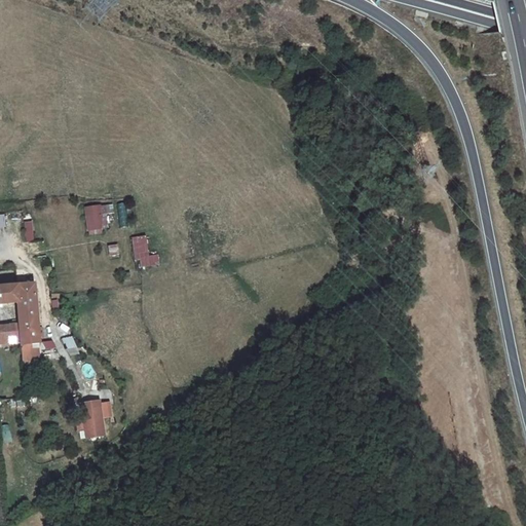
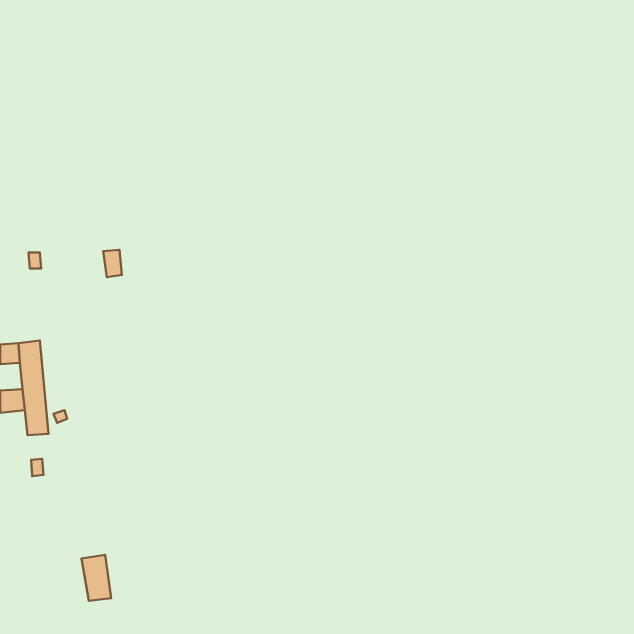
building: [134,236,160,266] -> none
building: [81,400,106,438] -> [81,555,111,601]

